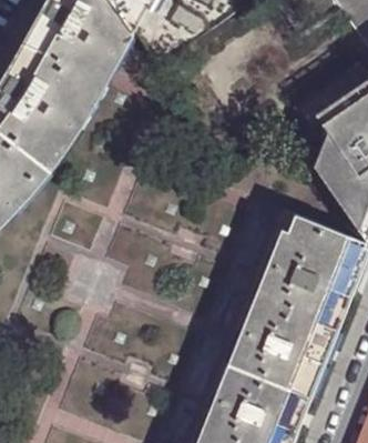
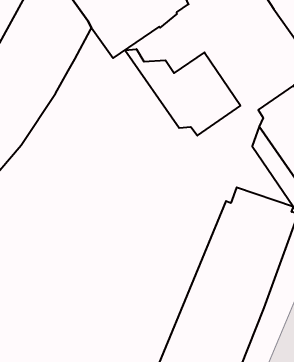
building: none -> [125,49,240,136]

